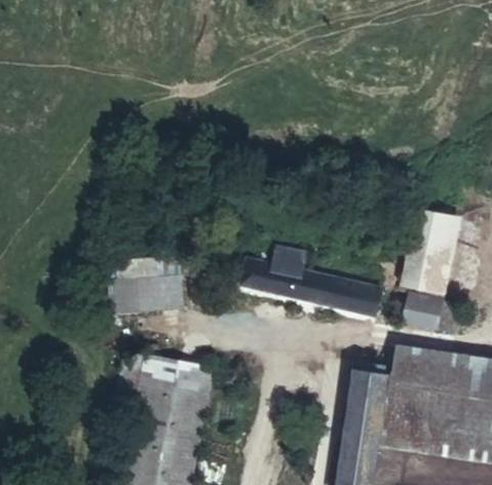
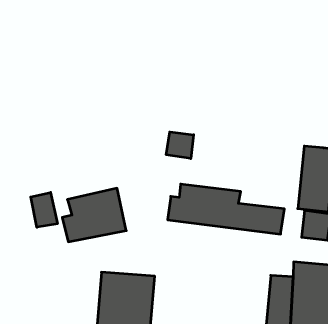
building: none -> [166,132,194,159]
building: none -> [31,192,57,227]

